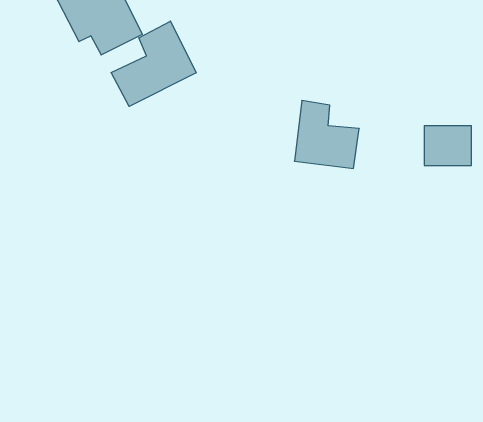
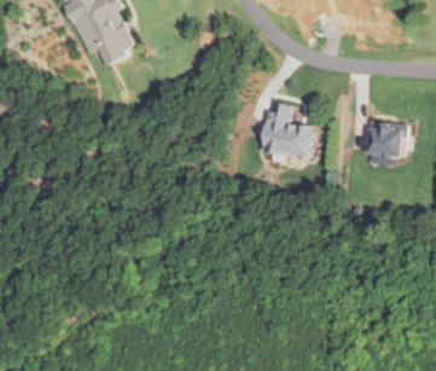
building: [111,21,196,106] -> none

